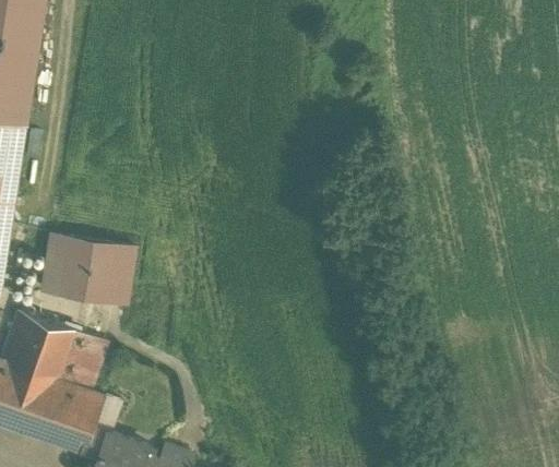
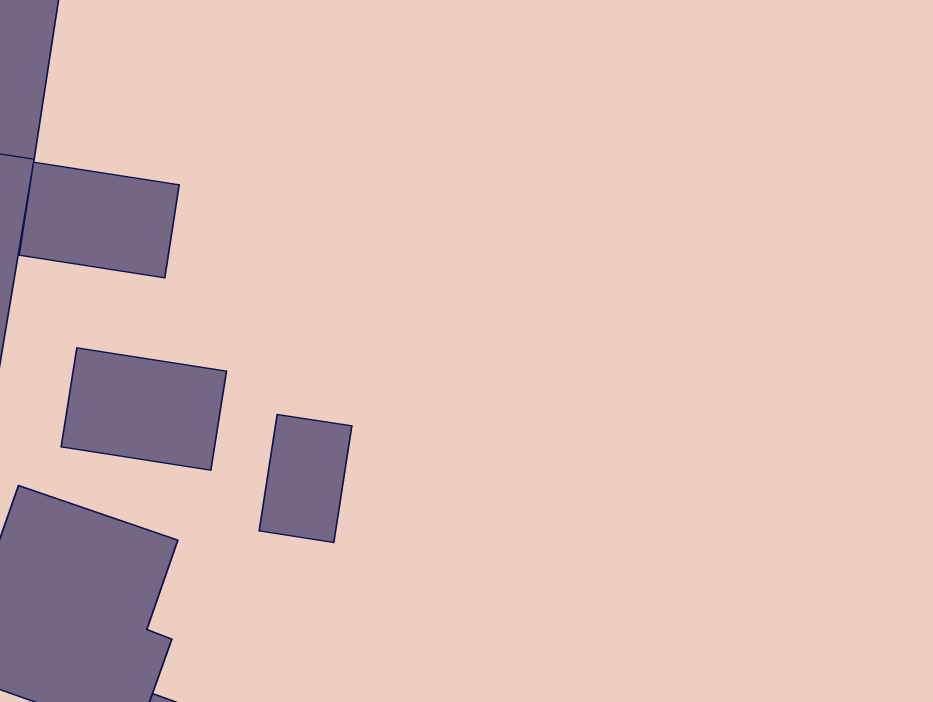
building: none -> [19,162,179,278]
building: none -> [259,414,352,542]

